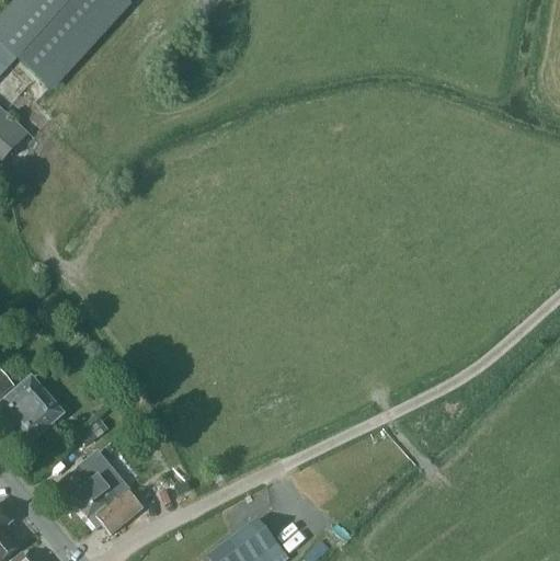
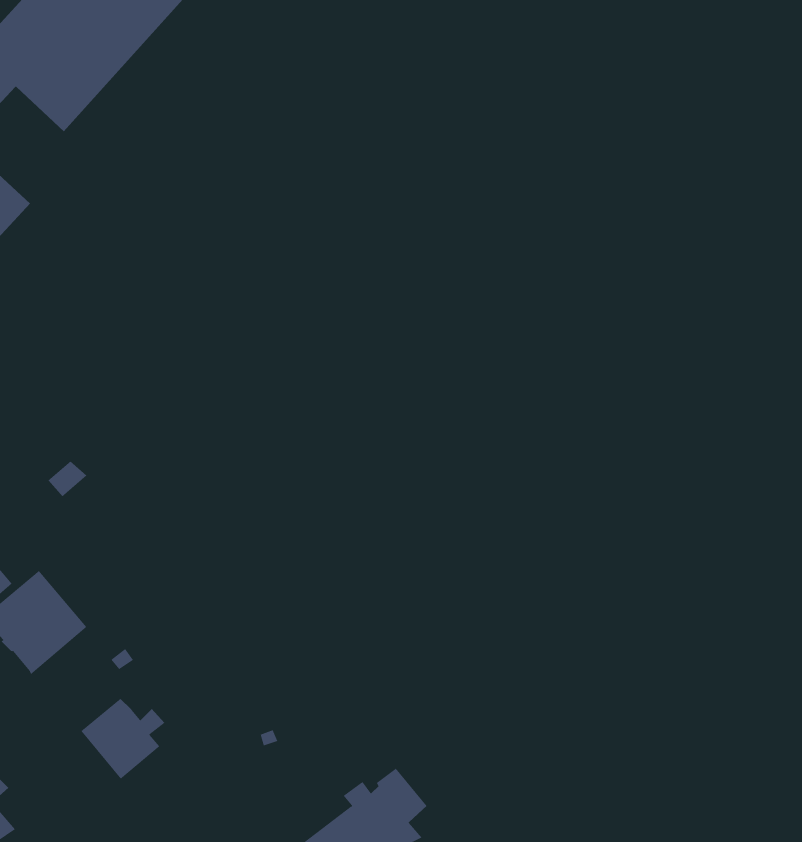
building: [85,490,144,535] -> none

